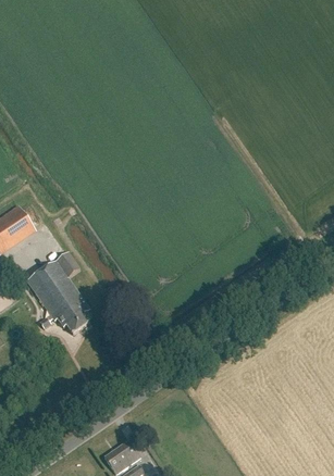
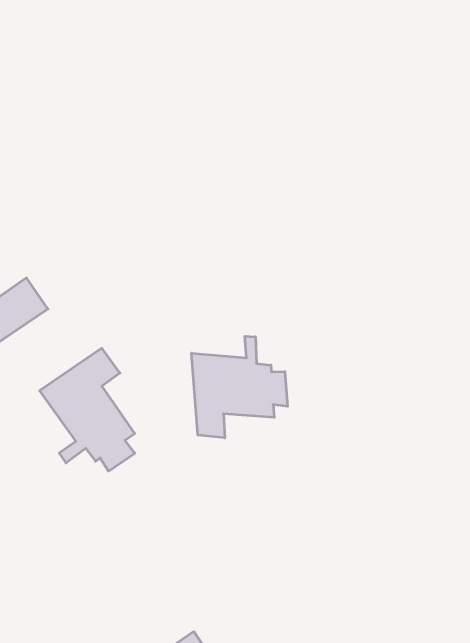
building: none -> [192,336,288,438]

